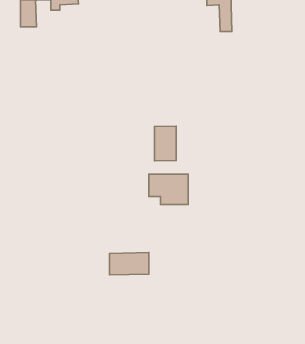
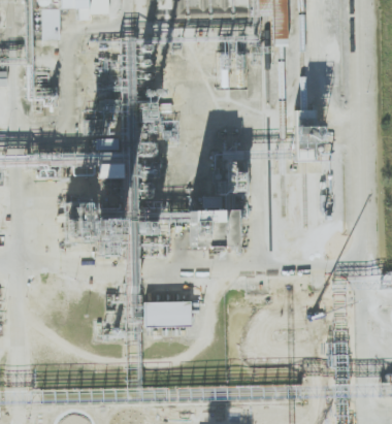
building: [155,126,176,161] -> none

